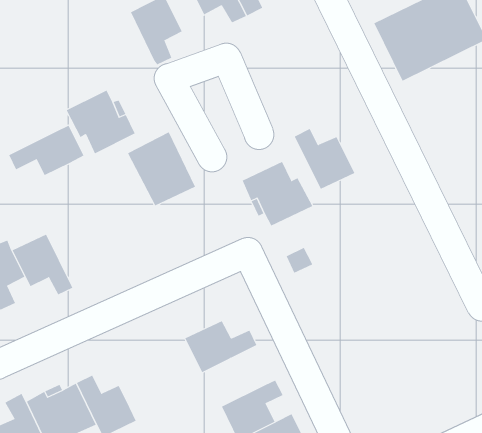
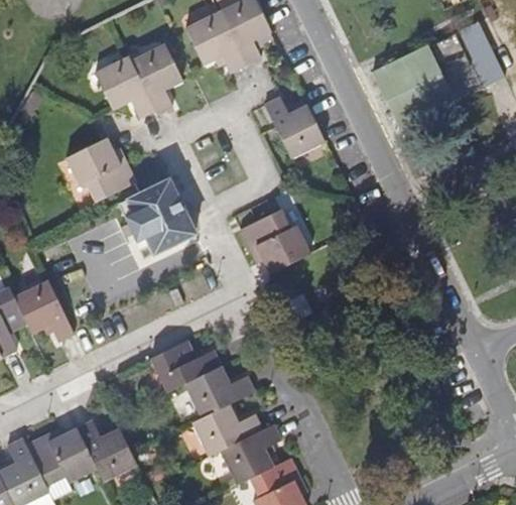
building: none -> [94,56,153,118]
building: [8,125,84,176] -> none
building: [294,128,355,190] -> [264,97,325,157]
building: none -> [149,341,221,392]
building: none -> [190,403,262,457]

